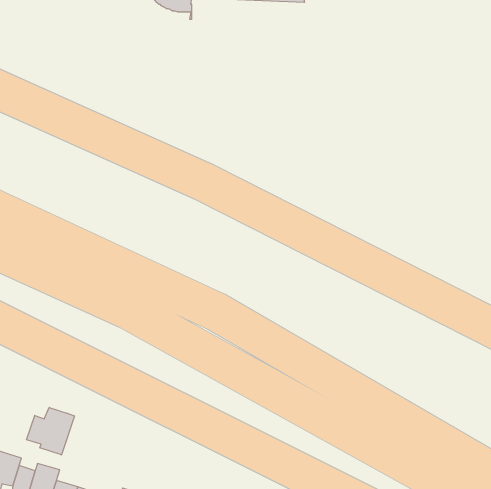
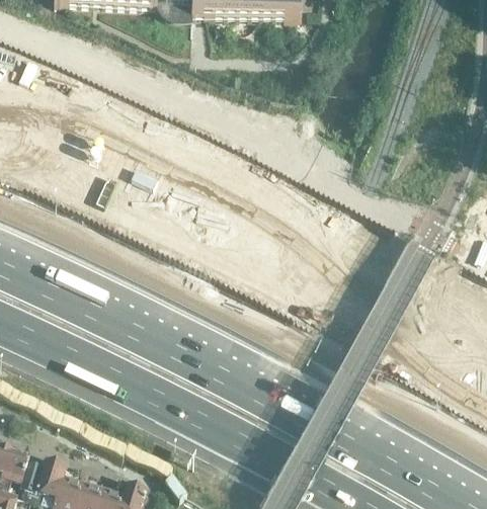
building: [26,407,74,455] -> none

